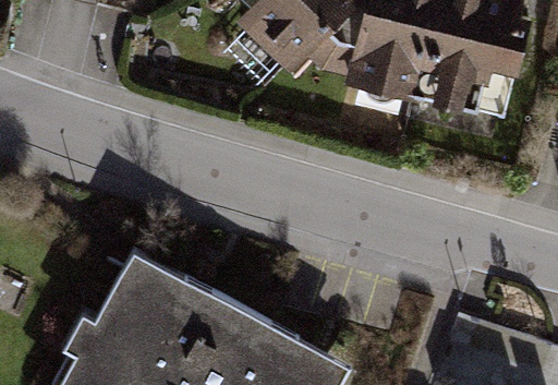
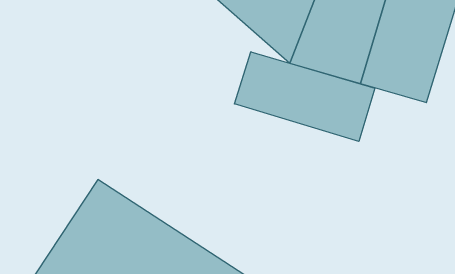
building: none -> [234,52,375,141]

